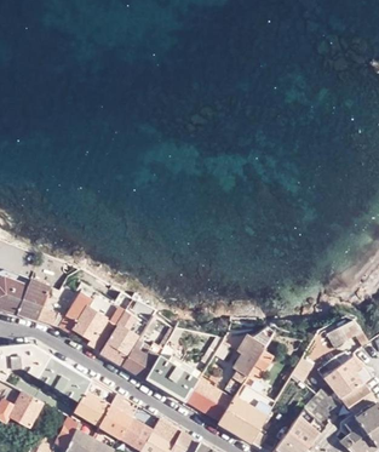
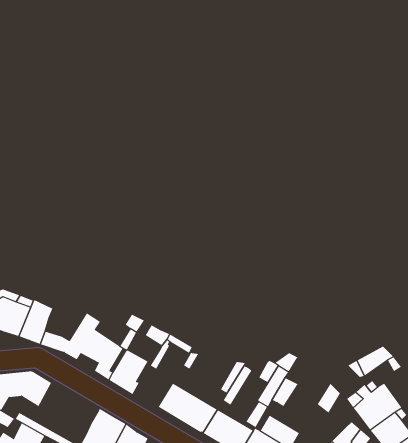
building: [122,344,161,379] -> none
building: [36,355,91,404] -> none

